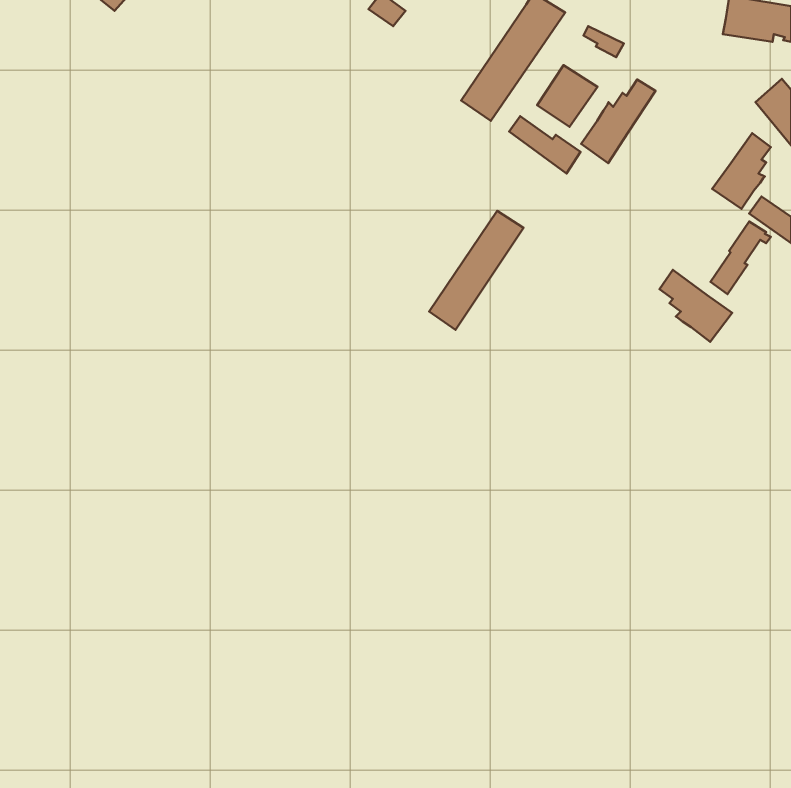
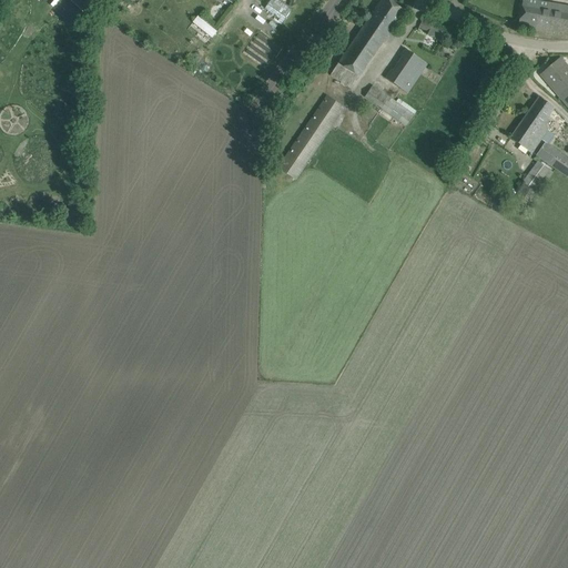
building: [581,80,655,163] -> none
building: [429,211,524,330] -> [277,93,345,179]
building: [659,270,732,342] -> none

